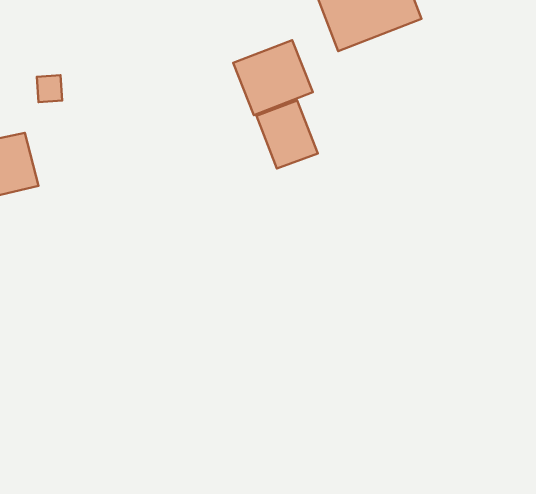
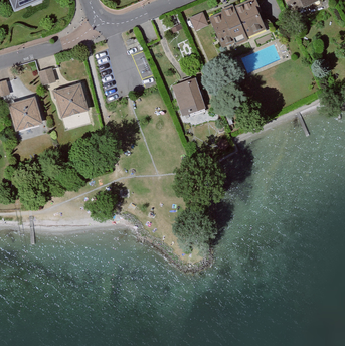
building: [233,40,313,115] -> none
building: none -> [50,81,88,121]

